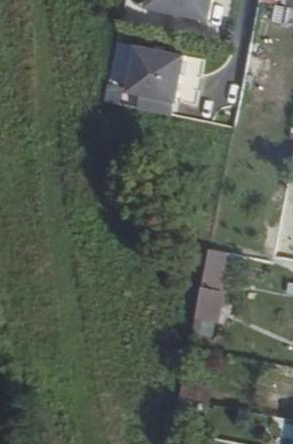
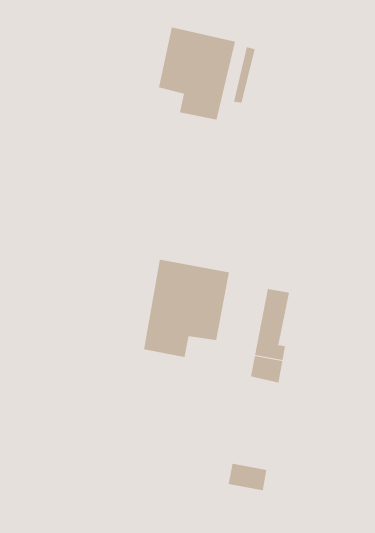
building: none -> [144,259,230,358]

